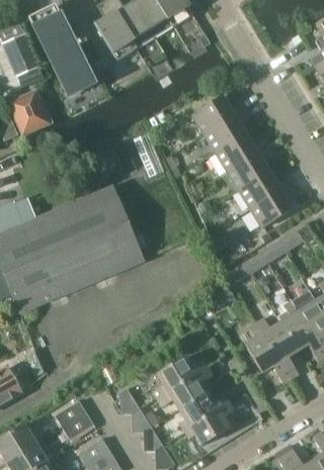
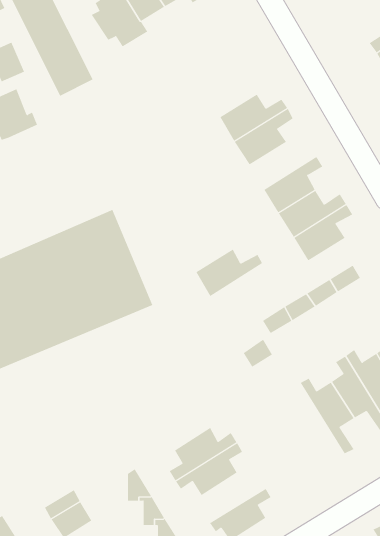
building: [217,132,269,170] -> [195,249,263,297]
building: [245,320,291,381] -> none
building: [179,390,230,430] -> none

